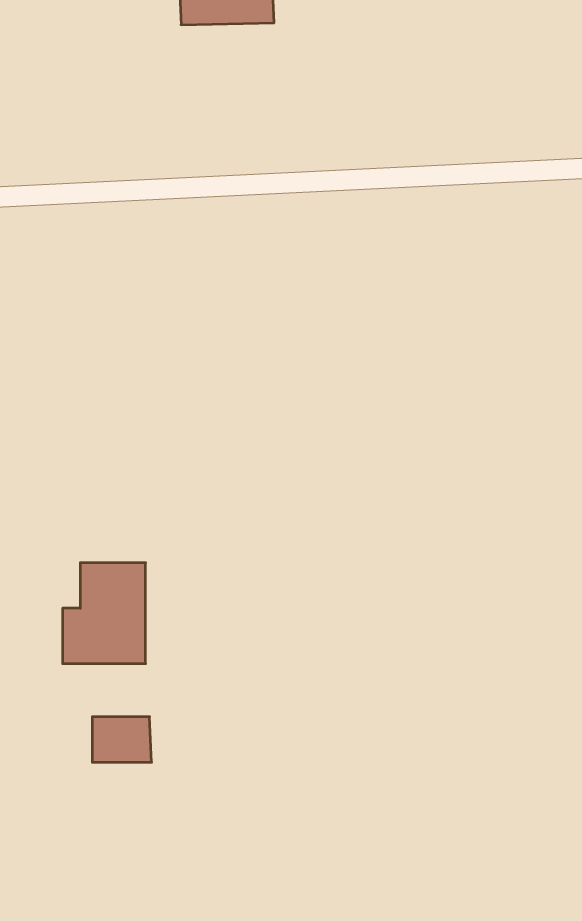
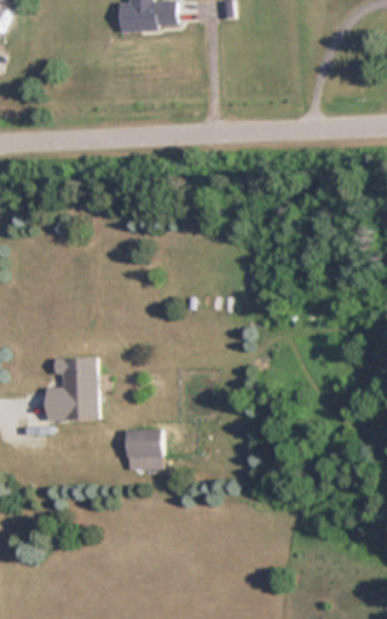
building: [92,717,152,762] -> [123,429,160,457]

